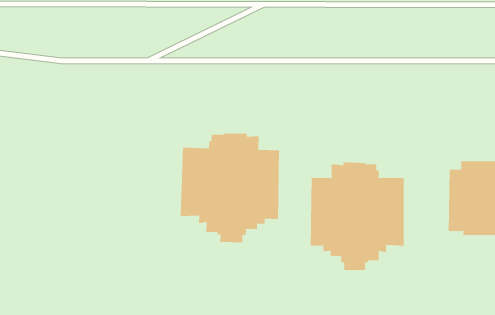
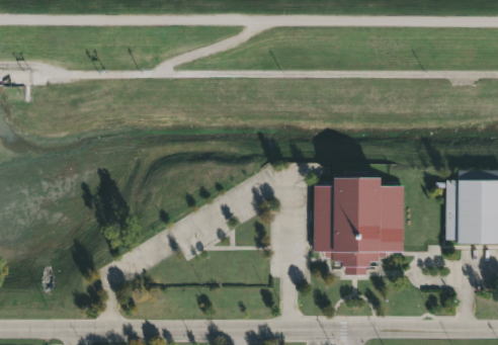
building: [180,133,279,243] -> none

